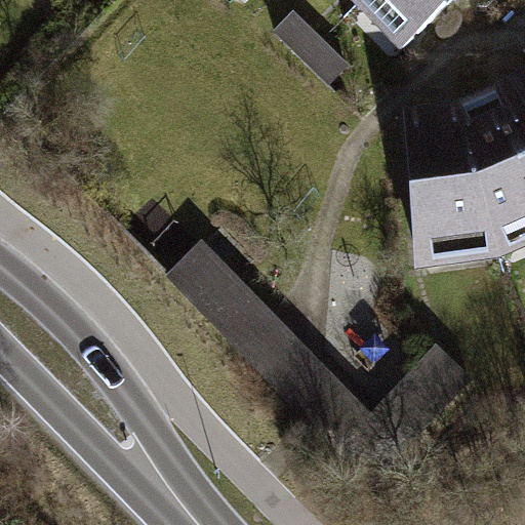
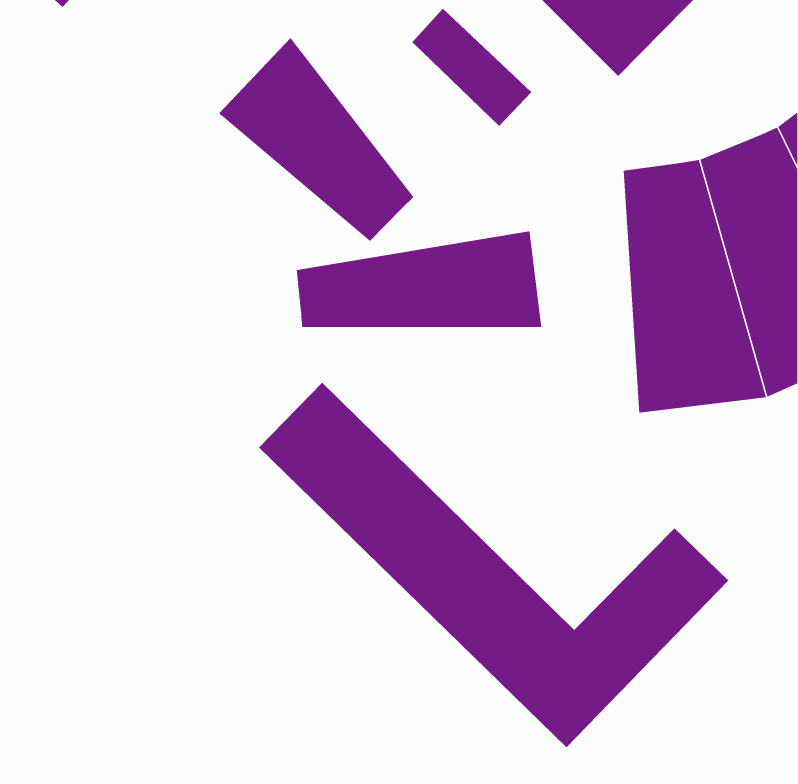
building: none -> [218,37,414,242]
building: none -> [296,231,542,328]

